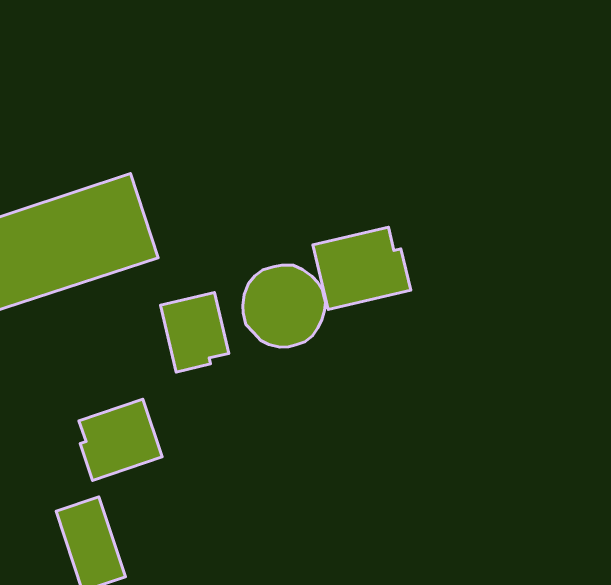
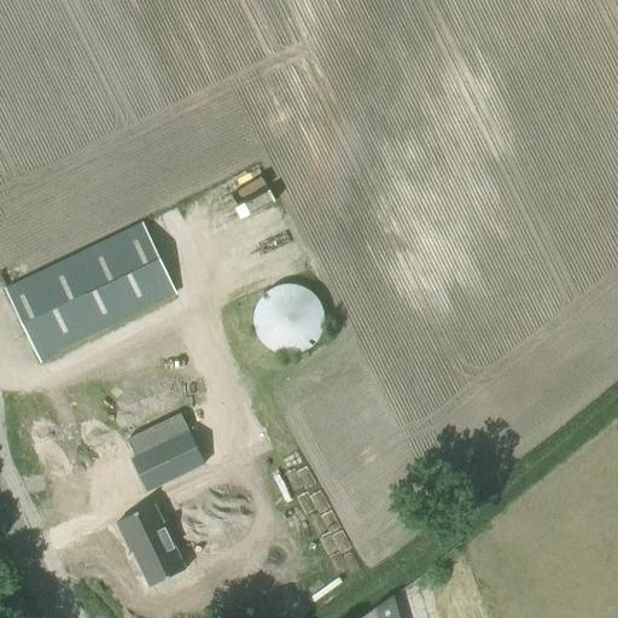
building: [313,227,411,310] -> none
building: [160,293,229,372] -> none

